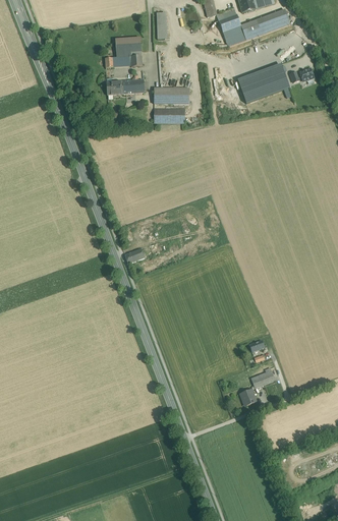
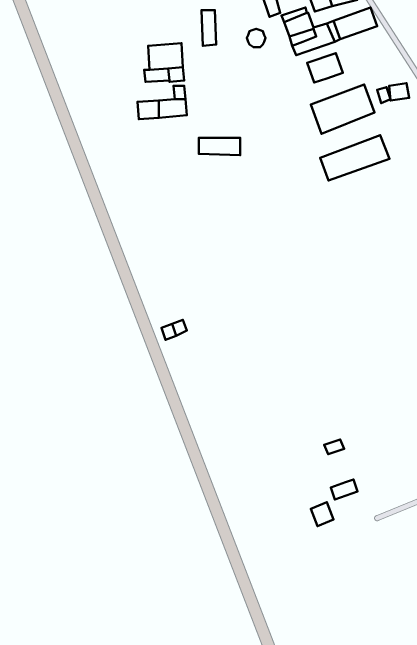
building: none -> [307,53,343,83]
building: [155,86,189,103] -> none
building: none -> [320,135,389,180]

